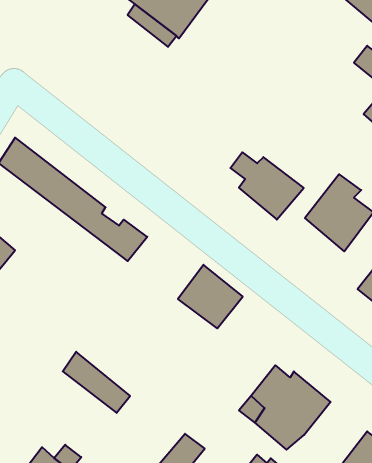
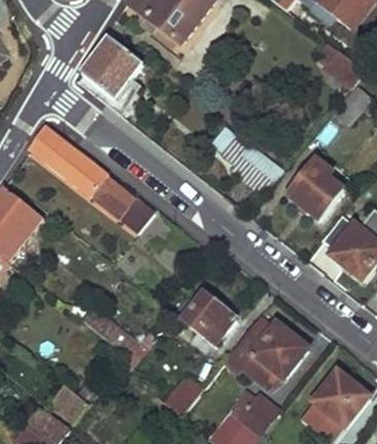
building: none -> [80,39,139,100]
building: [178,265,243,328] -> [182,293,237,346]

